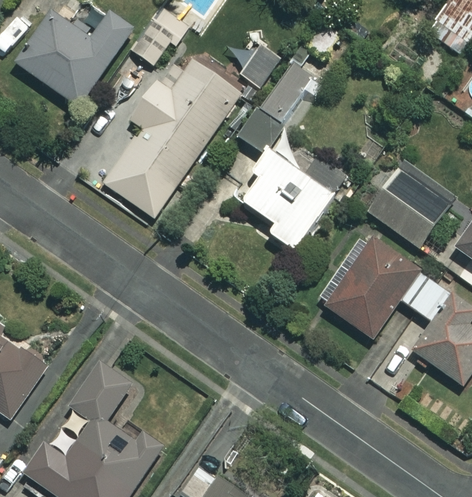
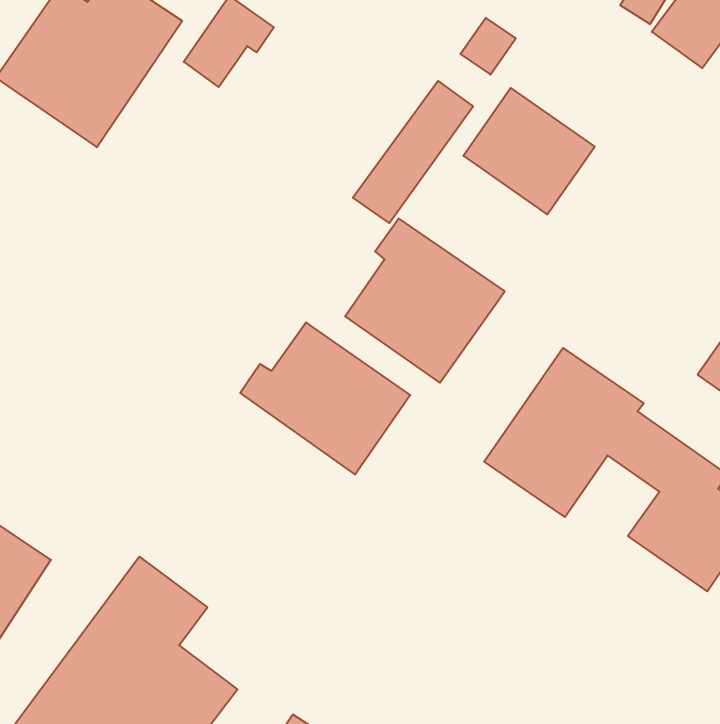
building: [229,34,282,87] -> none
building: [105,59,242,217] -> none
building: [367,167,450,247] -> [463,88,595,214]
building: none -> [240,322,410,475]

